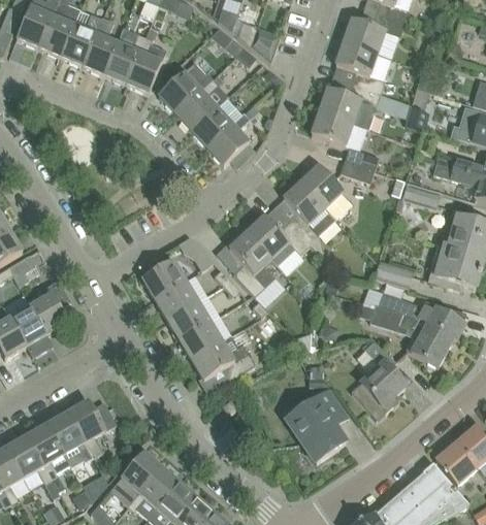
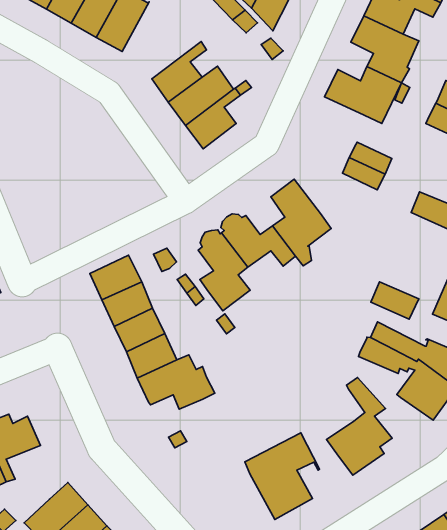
building: [159,61,213,112] -> none
building: [312,111,353,145] -> none
building: [300,165,353,219] -> none

